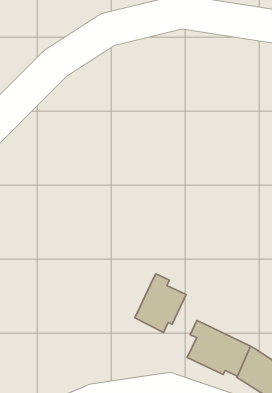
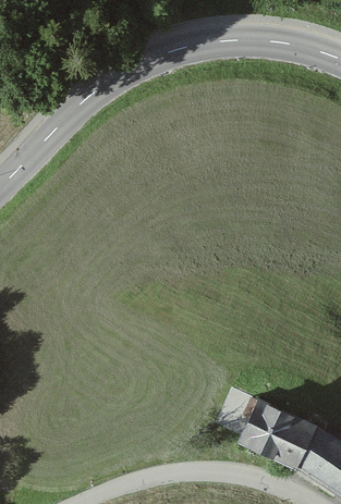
building: [135,274,186,332] -> none

